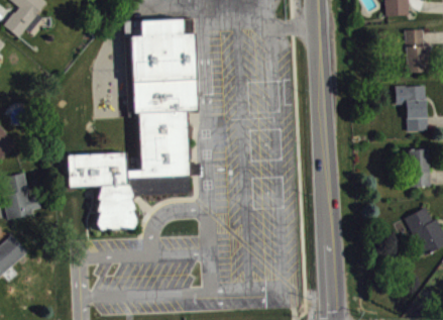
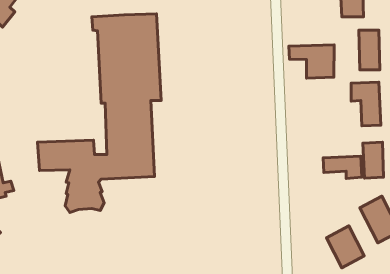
building: none -> [289,45,334,78]
building: none -> [323,156,362,178]
building: none -> [327,226,364,268]

